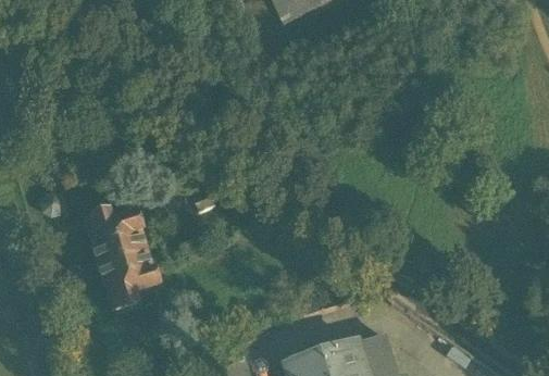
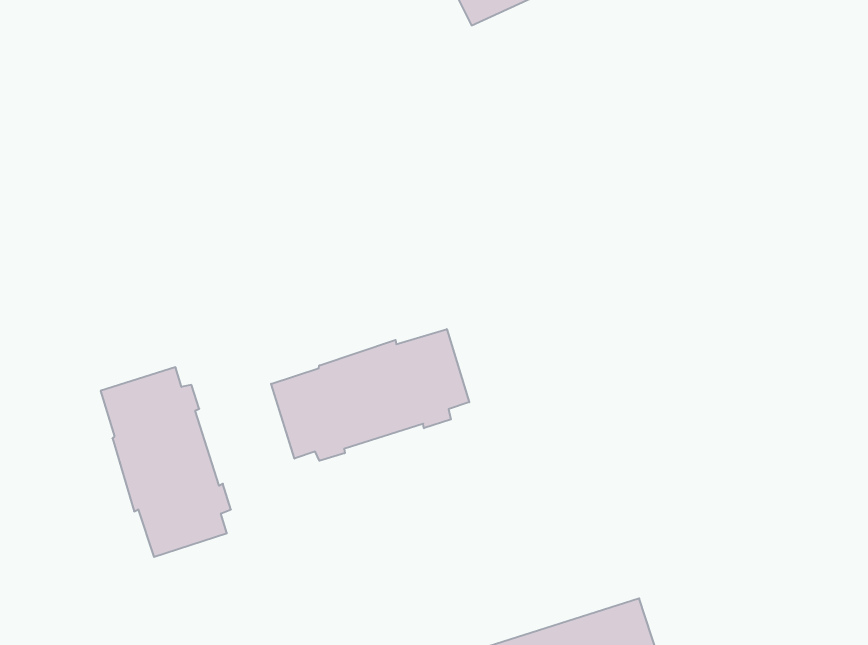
building: none -> [271,329,469,461]

